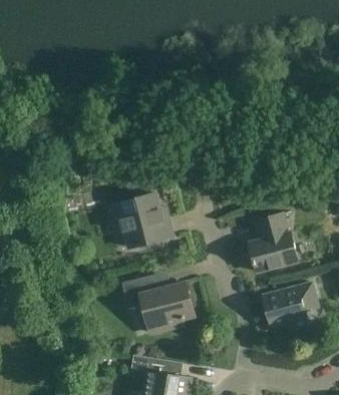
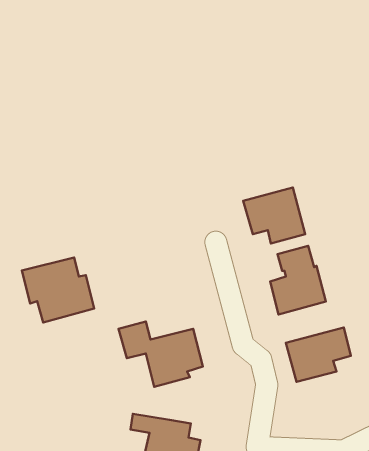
building: none -> [243,187,305,243]
building: [112,192,174,248] -> [22,257,94,323]

